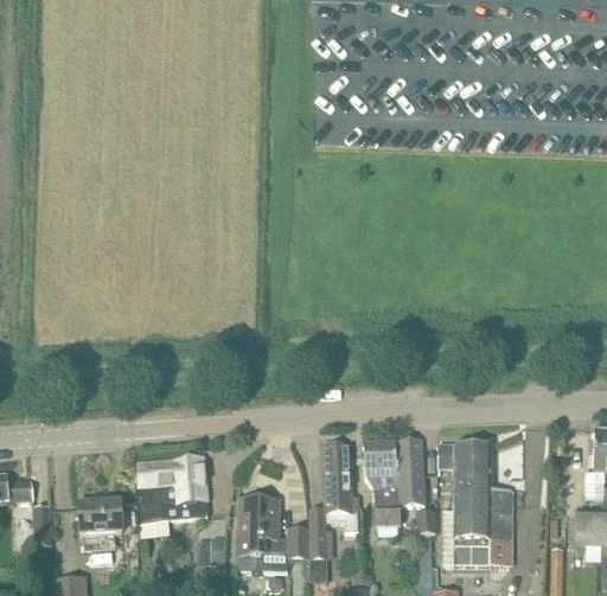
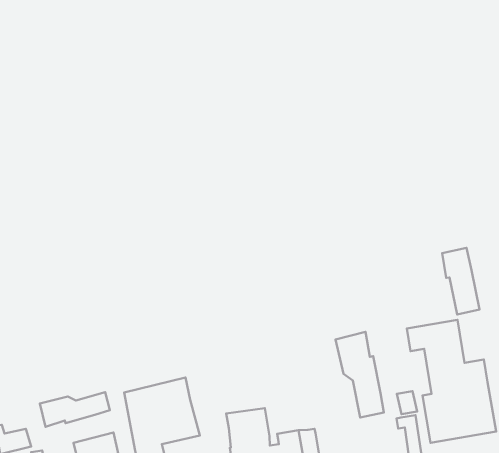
building: [396,436,424,502] -> [442,248,479,314]
building: [324,440,359,528] -> none
building: none -> [40,392,110,427]

